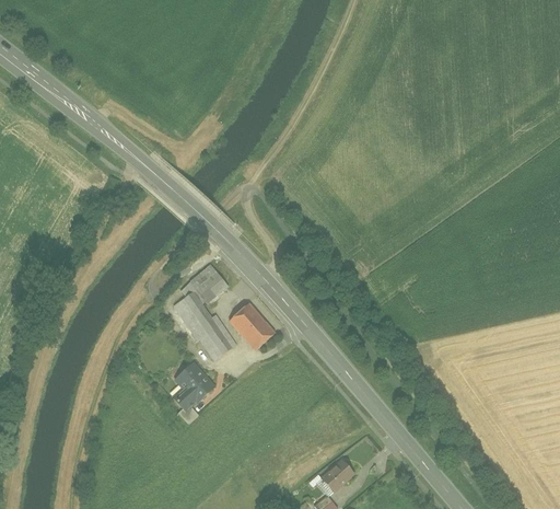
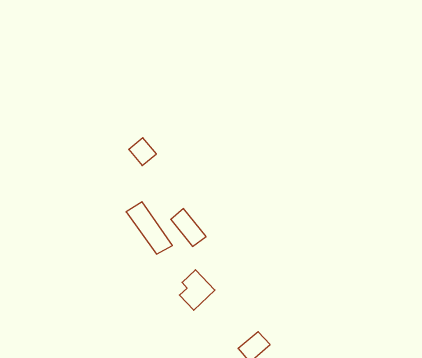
building: [189,264,225,300] -> [129,138,156,166]
building: [172,360,218,413] -> [179,270,215,310]

